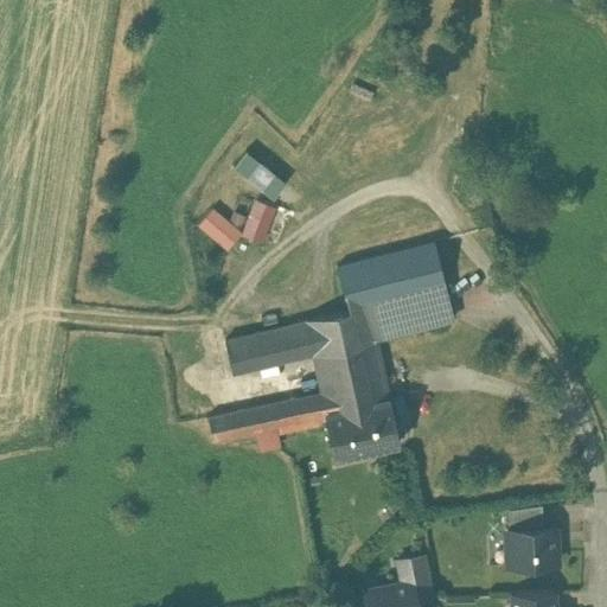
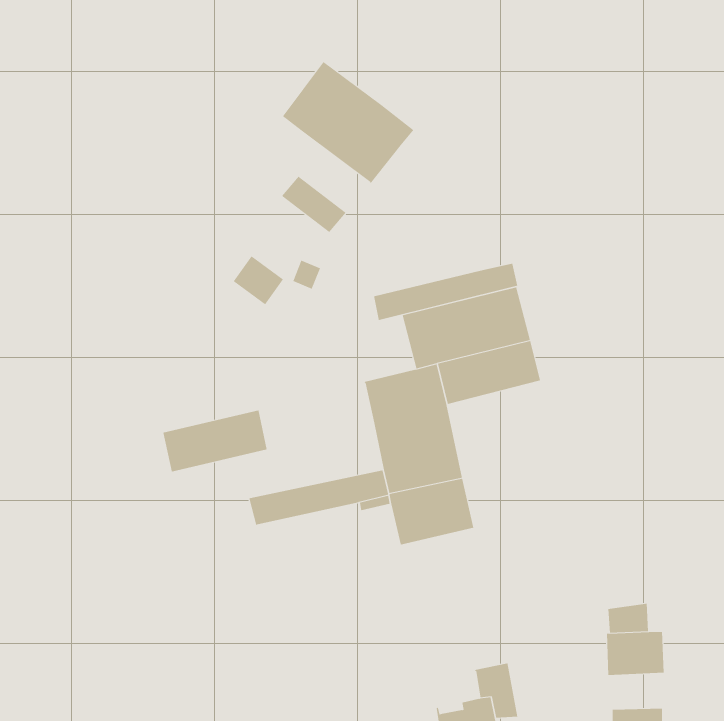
building: none -> [282,61,414,184]
building: none -> [374,263,518,321]
building: [225,324,313,376] -> [163,410,268,472]

